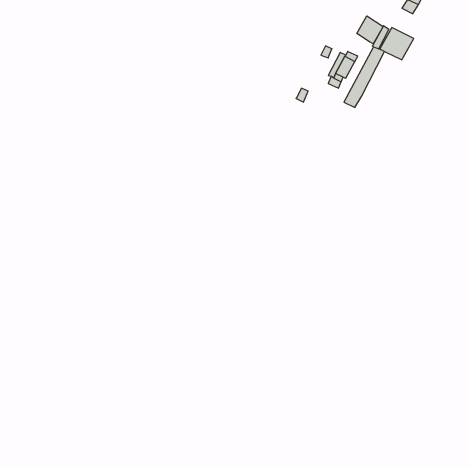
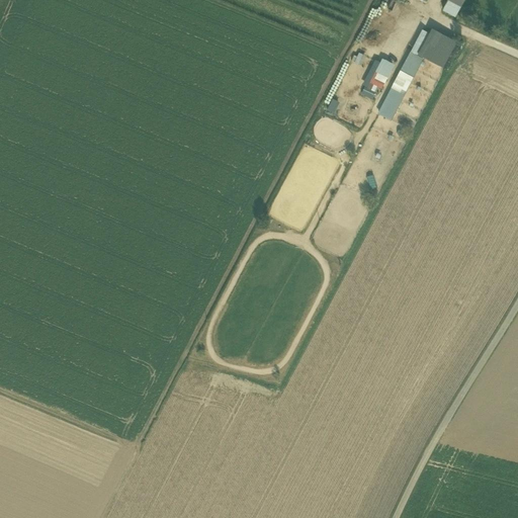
building: [357,16,383,44] -> none

